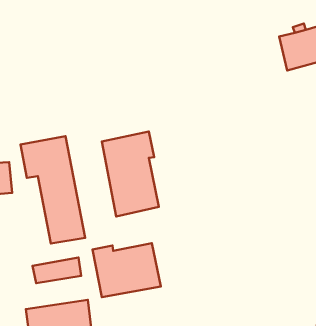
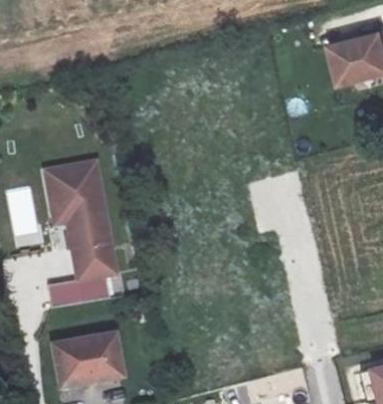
building: [102,131,159,216] -> none
building: [92,243,161,297] -> none

